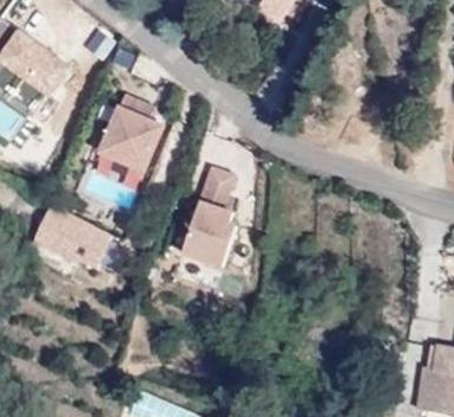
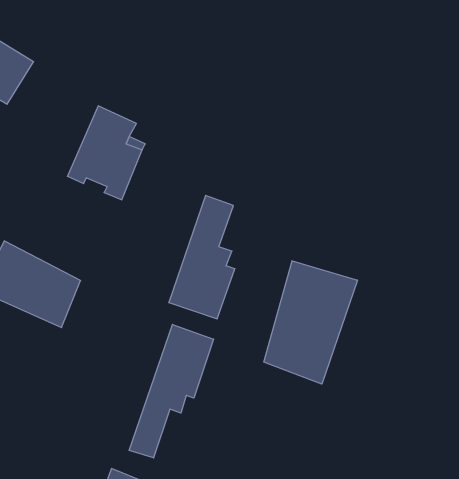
building: none -> [264,261,357,384]
building: none -> [129,324,214,458]

